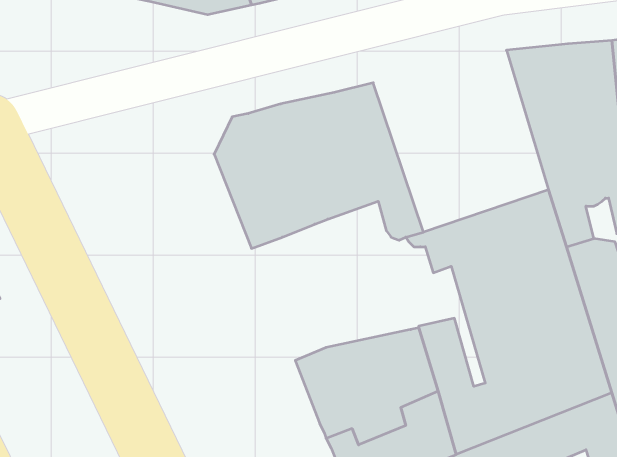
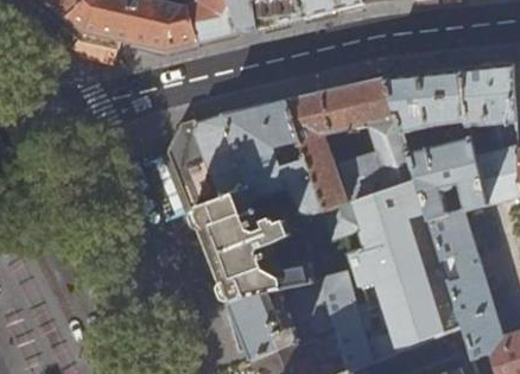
building: none -> [287,75,416,208]
building: none -> [198,198,315,302]

